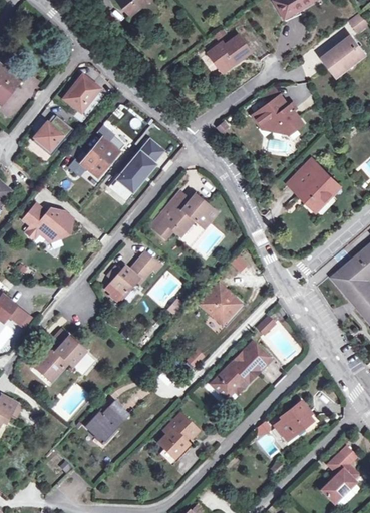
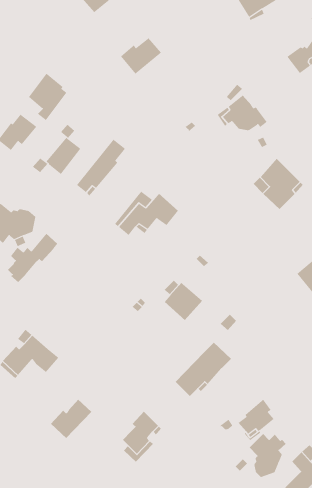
building: [212,36,254,73] -> [120,38,162,75]
building: [105,251,156,302] -> [7,233,58,283]
building: none -> [249,433,287,478]

